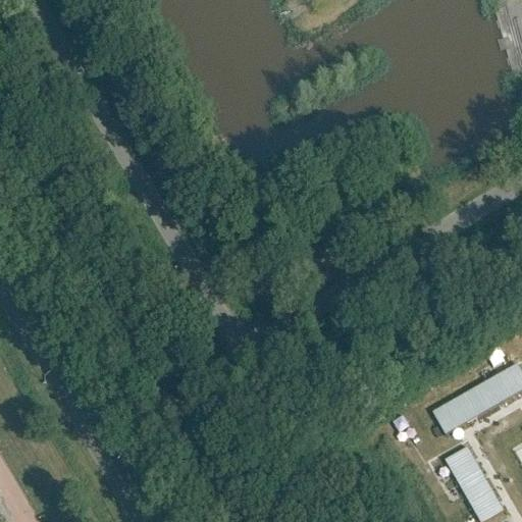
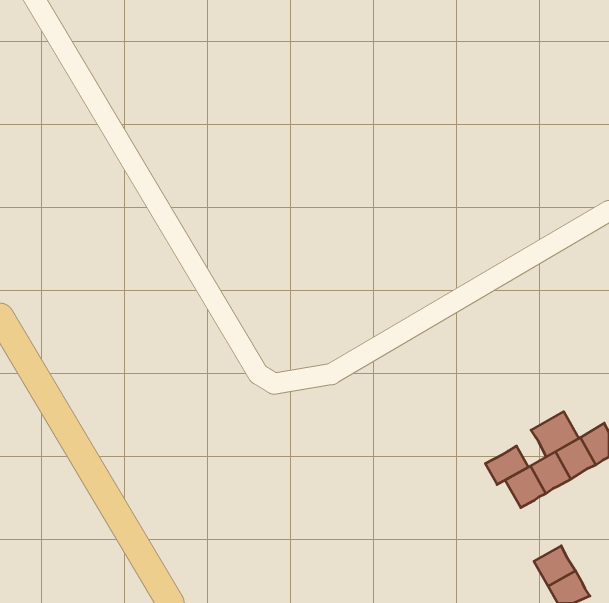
building: none -> [531,412,579,457]
building: none -> [485,446,528,485]
building: [445,446,480,480] -> none

